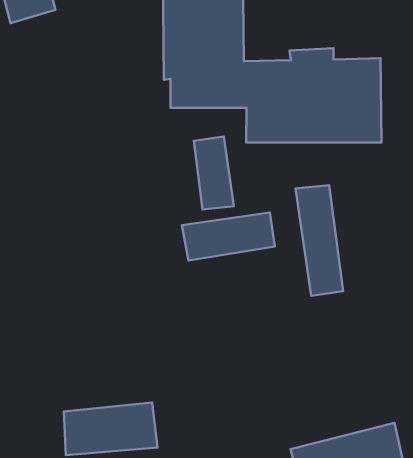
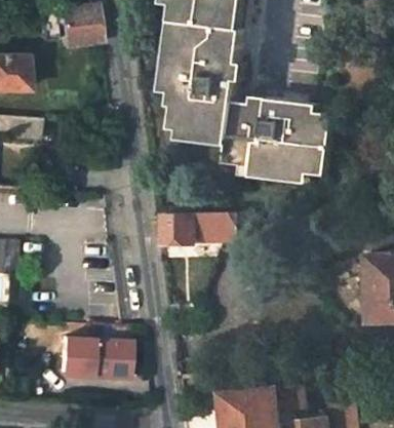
building: [194,137,234,210] -> none
building: [296,185,343,296] -> none

